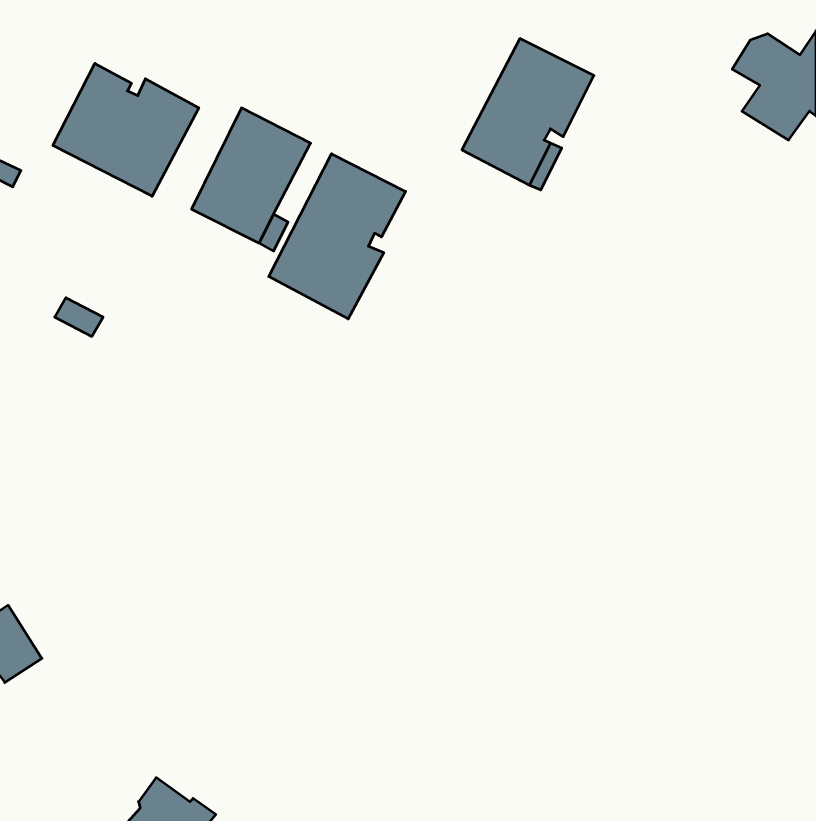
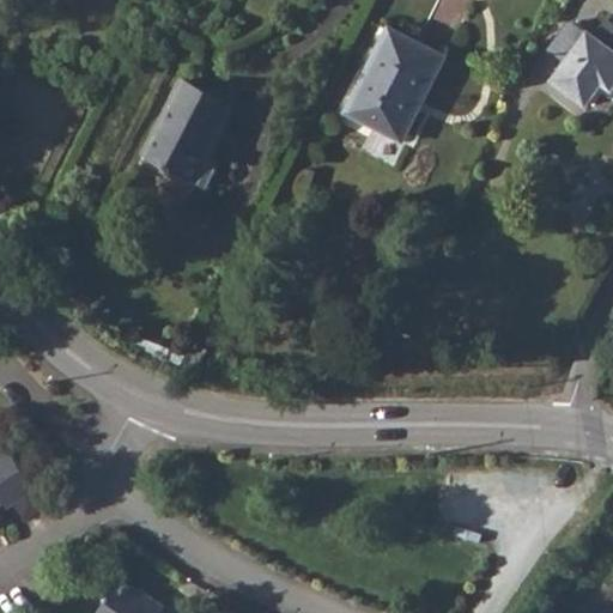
building: [53,63,199,196] -> none
building: [269,154,406,319] -> none

